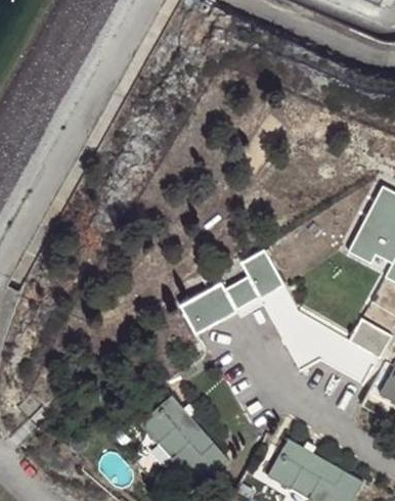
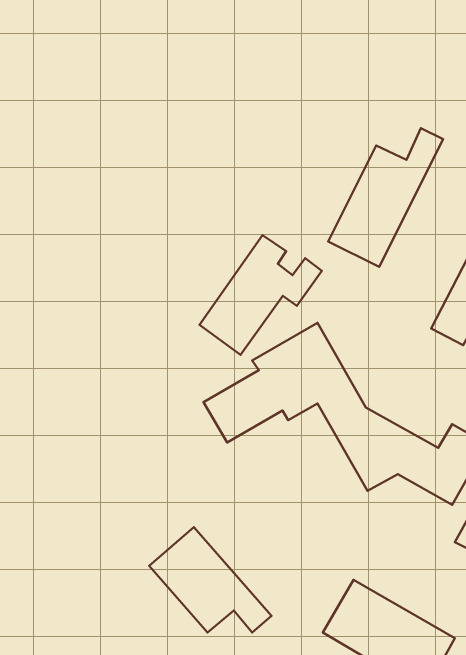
building: none -> [328,128,443,267]
building: none -> [199,235,322,355]

